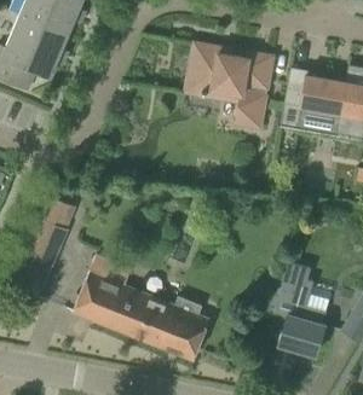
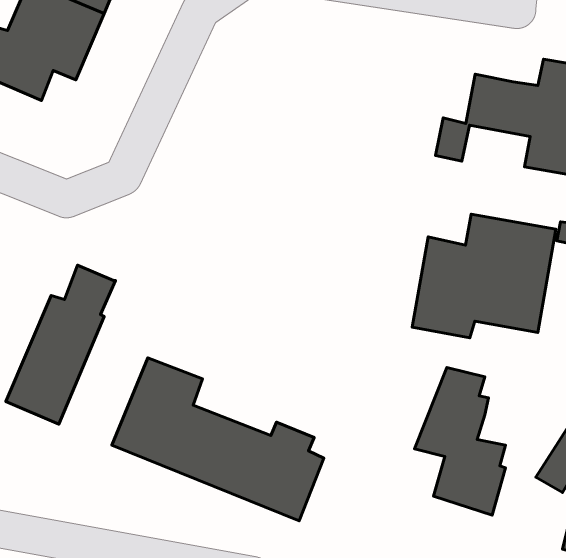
building: [184,43,272,128] -> none
building: none -> [412,214,556,338]

